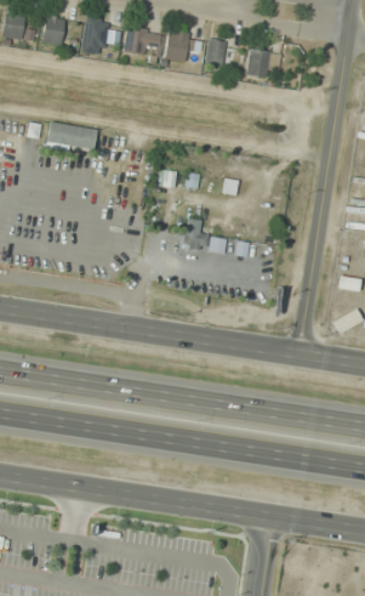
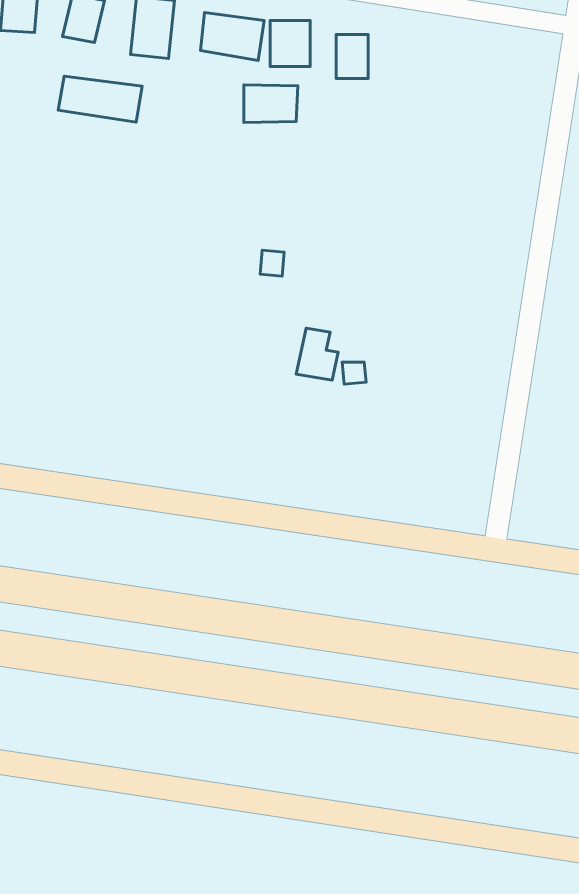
building: [246,51,279,78] -> none
building: none -> [244,85,298,123]
building: [46,123,97,151] -> [58,76,142,122]

